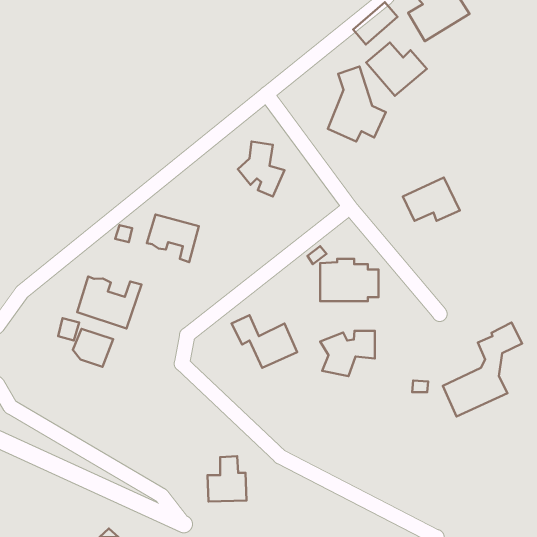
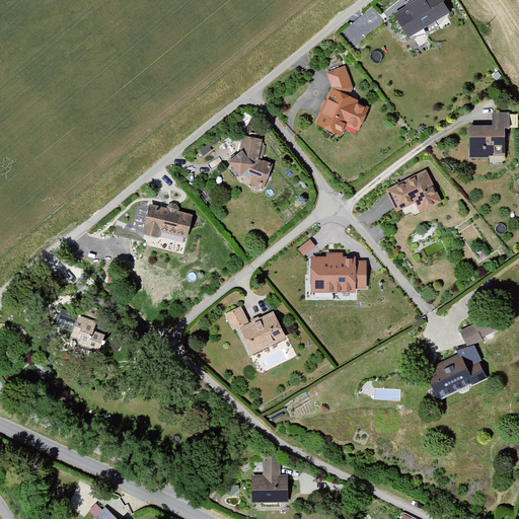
building: [366,43,427,96] -> none
building: none -> [469,113,511,158]
building: [77,276,141,329] -> none
building: [320,331,375,376] -> none
building: [208,456,247,502] -> [251,458,289,502]

